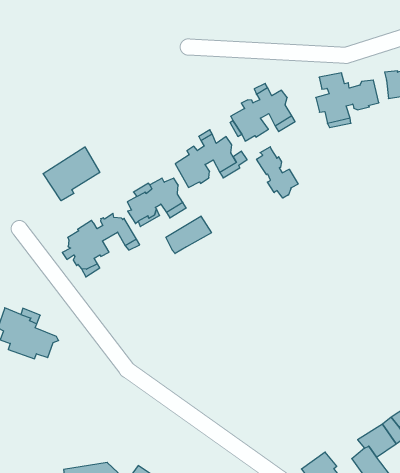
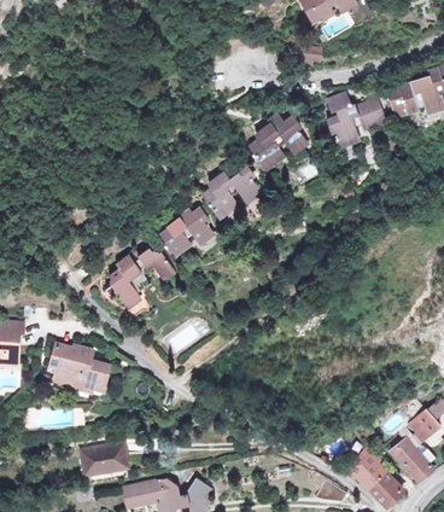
building: [257,147,298,198] -> none
building: [43,147,100,201] -> none
building: [166,216,211,254] -> none
building: none -> [80,443,127,475]

